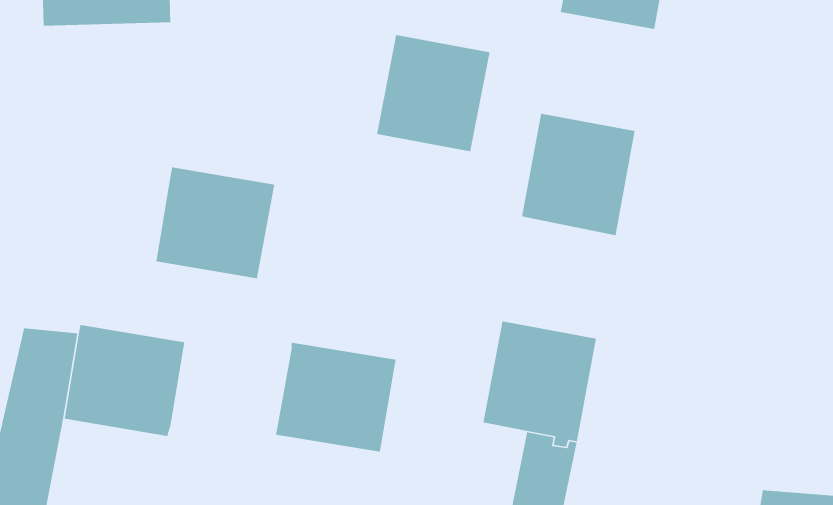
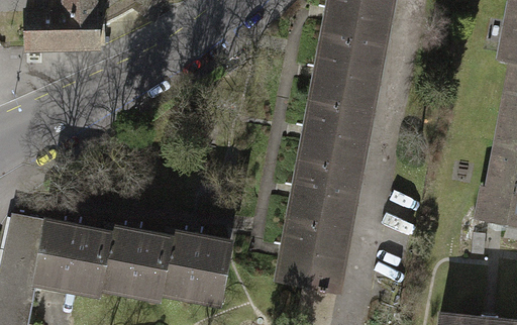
building: [376,34,490,152] -> [311,41,377,109]
building: [156,167,275,279] -> [99,224,168,289]
building: none -> [289,158,354,228]

